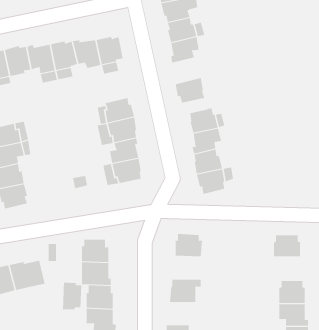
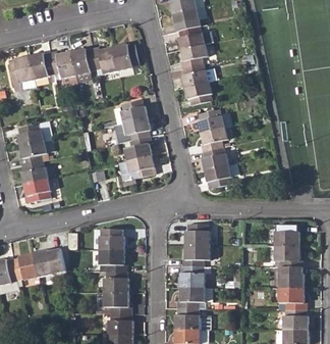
building: none -> [181,62,209,87]
building: none -> [181,244,209,265]
building: none -> [274,245,301,266]
building: [62,282,82,310] -> none
building: none -> [176,287,212,307]

